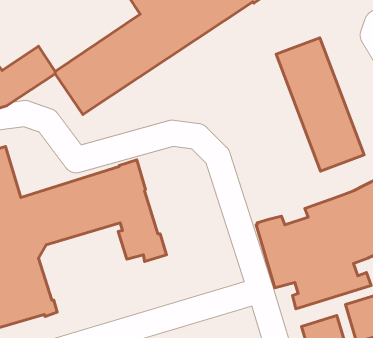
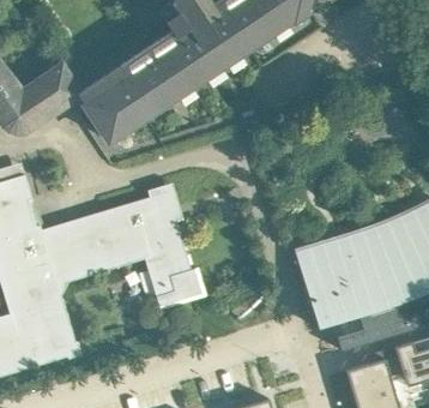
building: [276,38,364,171] -> none

